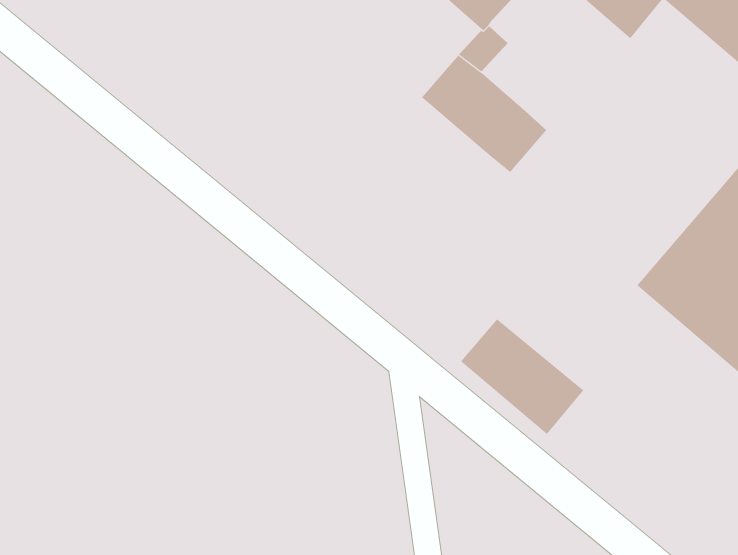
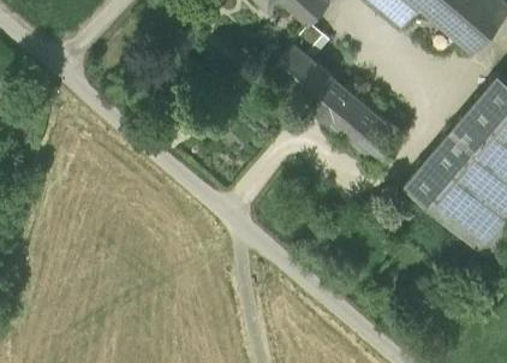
building: [460,319,584,435] -> [324,91,401,163]

